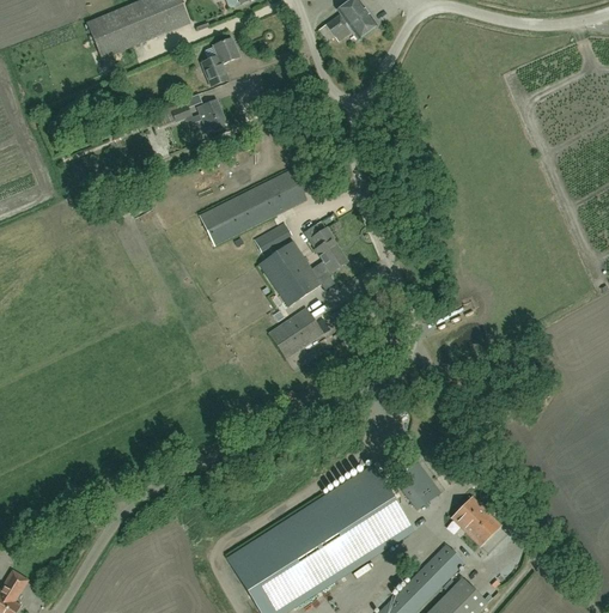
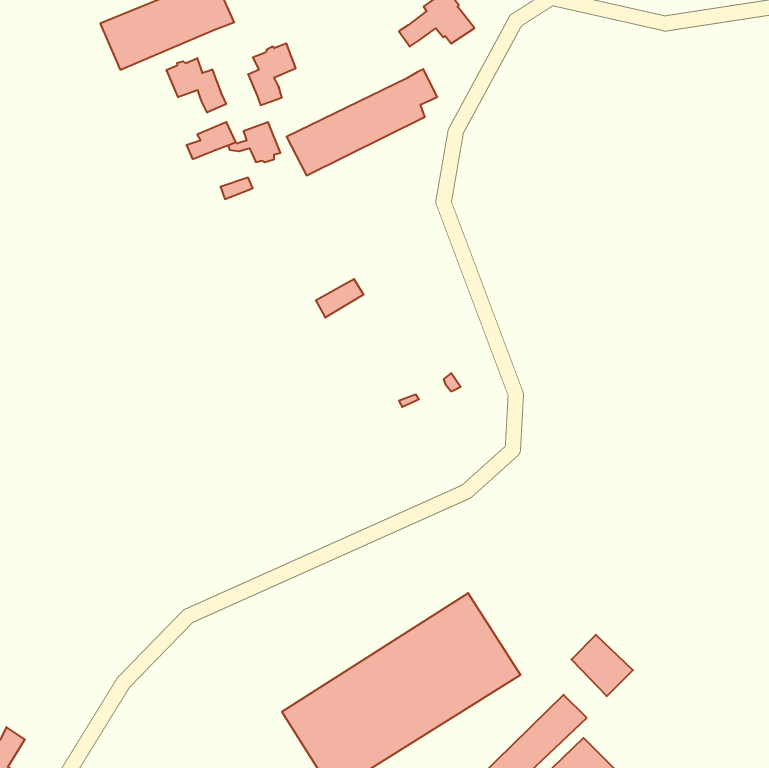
building: none -> [167,58,226,113]
building: [199,163,316,245] -> [286,69,437,175]
building: [260,227,347,306] -> none
building: [269,308,324,358] -> none
building: [395,463,440,510] -> none

